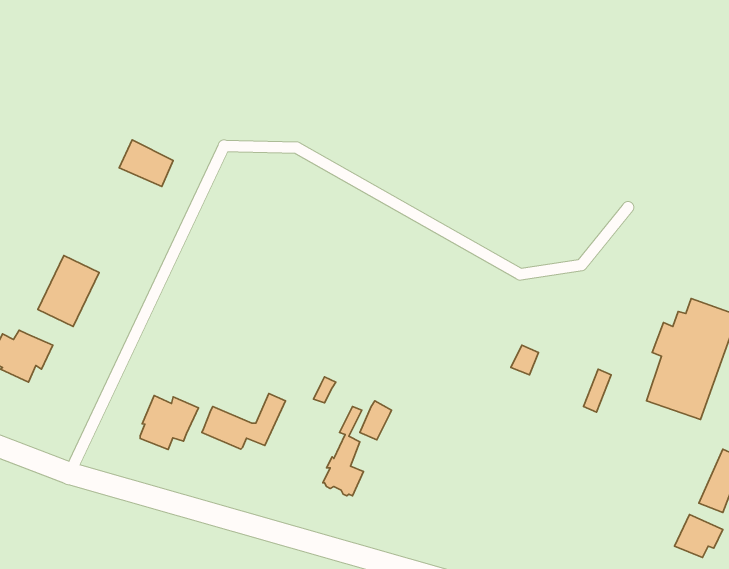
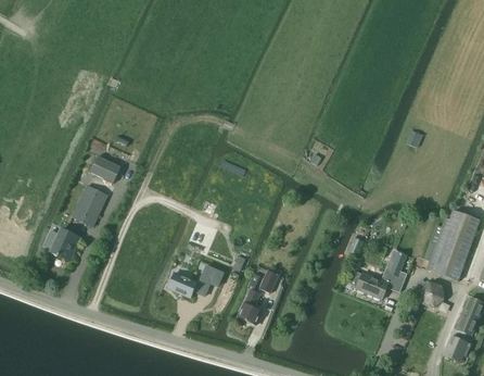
building: [119,140,173,186] -> [89,155,120,183]
building: [140,396,198,450] -> none
building: none -> [356,272,387,299]
building: none -> [418,280,443,306]

